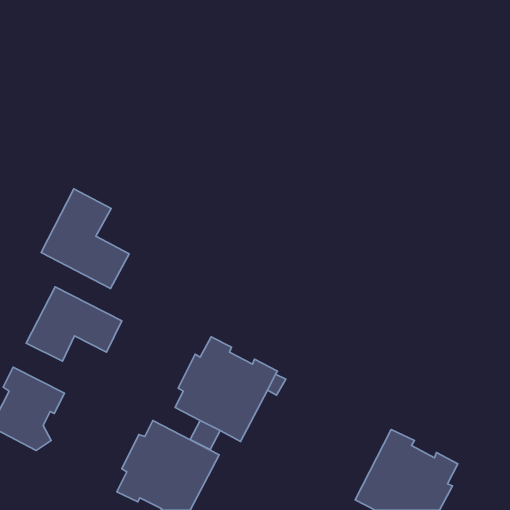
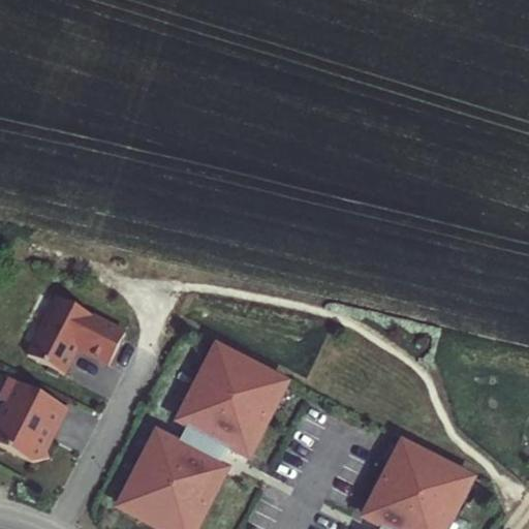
building: [41,189,129,288] -> none

